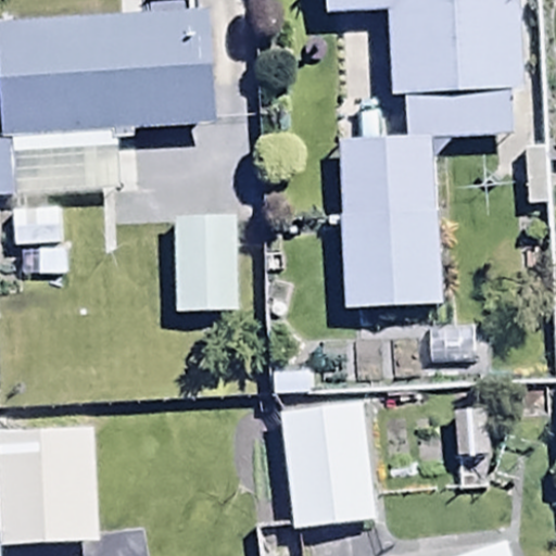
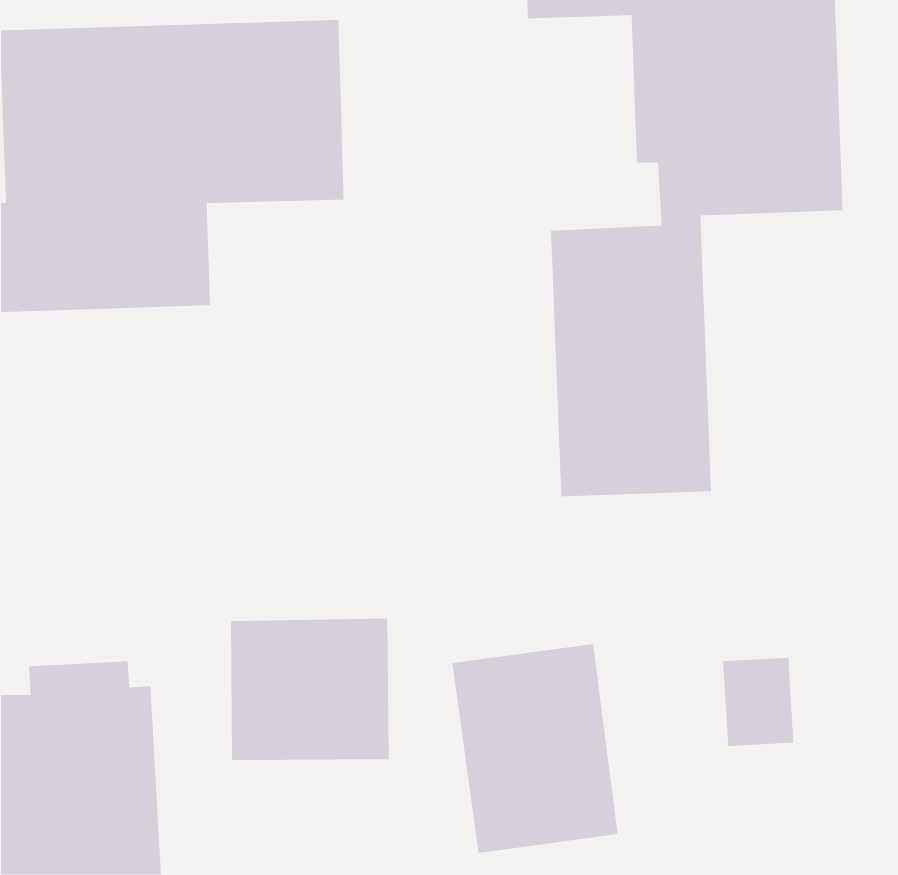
building: [170,214,237,349] -> none
building: none -> [230,618,389,761]

